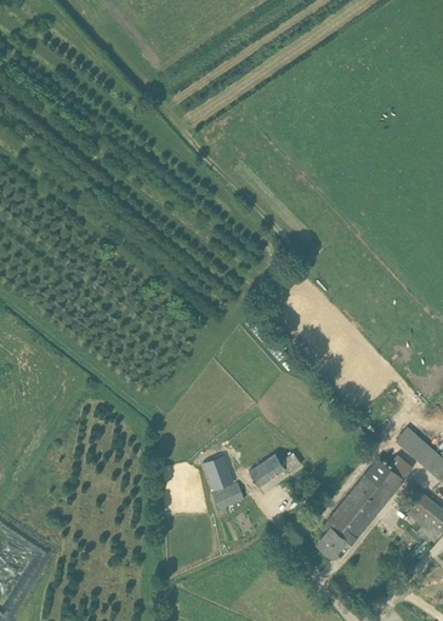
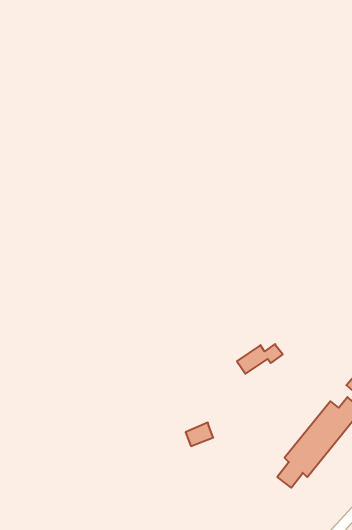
building: [249,452,301,486] -> [237,344,283,374]
building: [203,457,231,491] -> none

